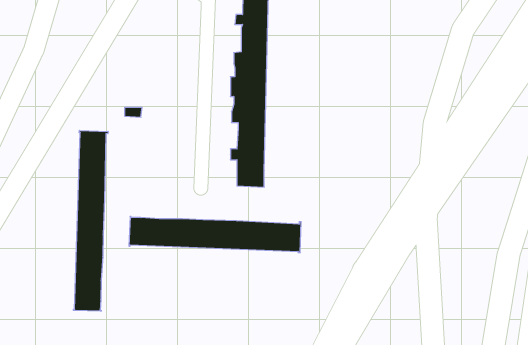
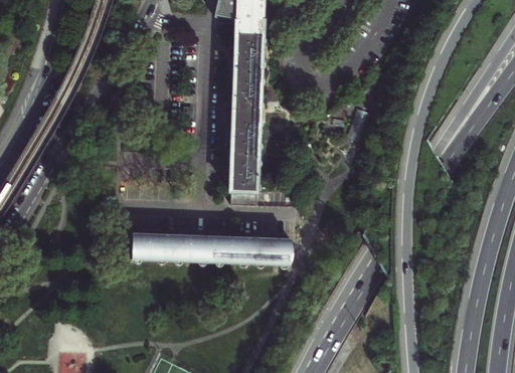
building: [73,130,108,311] -> none

